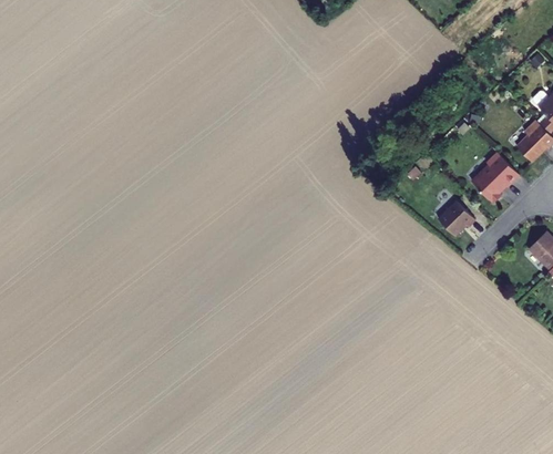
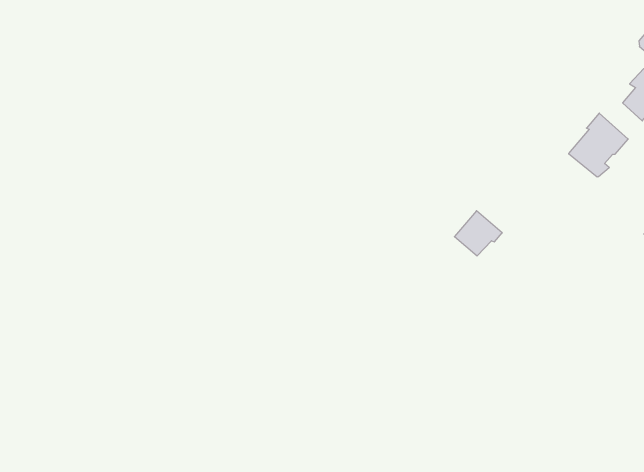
building: [440,200,478,236] -> [454,211,502,256]

